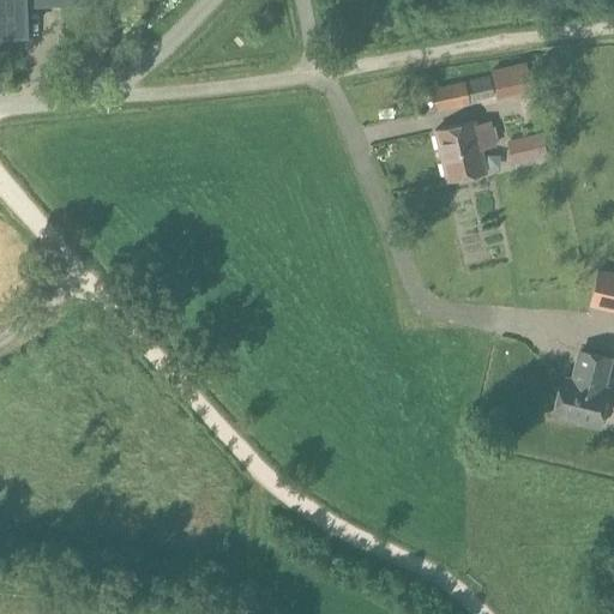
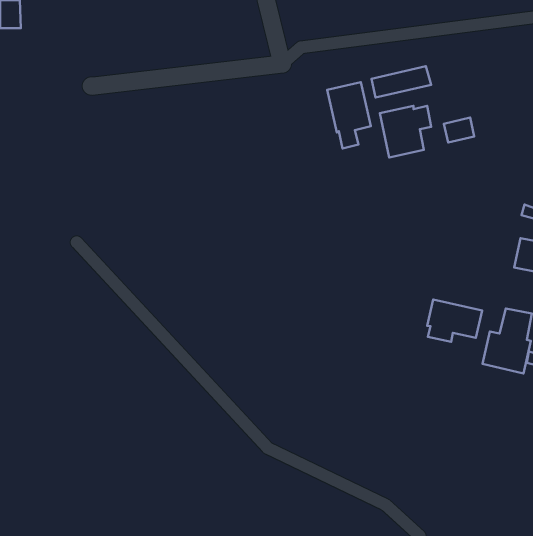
building: [495,65,526,101] -> none
building: none -> [327,82,371,148]
building: none -> [427,299,482,342]

